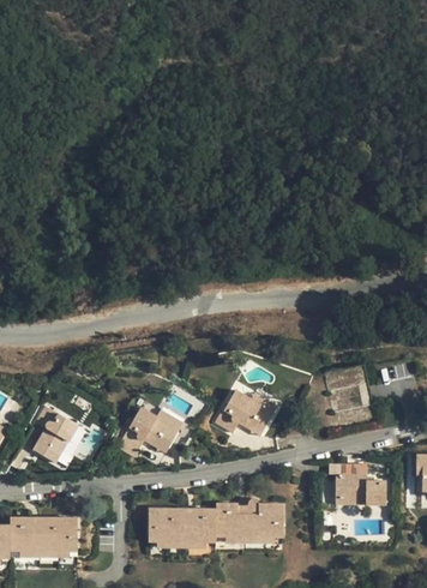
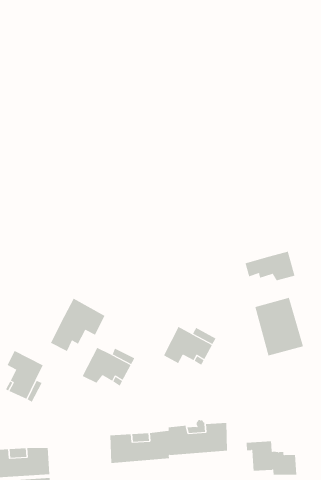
building: none -> [245,251,295,281]
building: none -> [50,298,105,352]
building: [330,464,386,505] -> [246,441,297,475]

